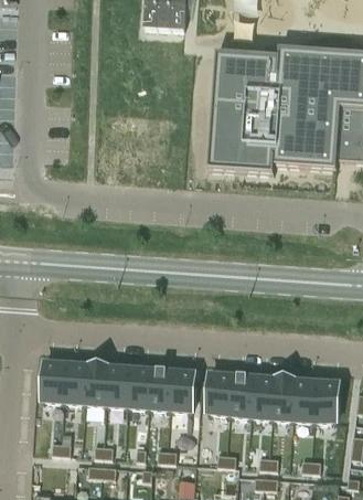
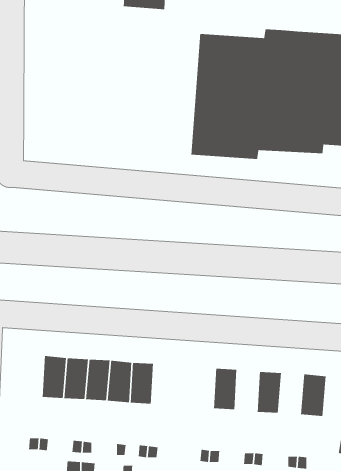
building: [43,362,67,404] -> none
building: [171,371,195,412] -> none
building: [209,373,233,415] -> none
building: [252,376,275,418] -> none
building: [293,380,318,421] -> none

